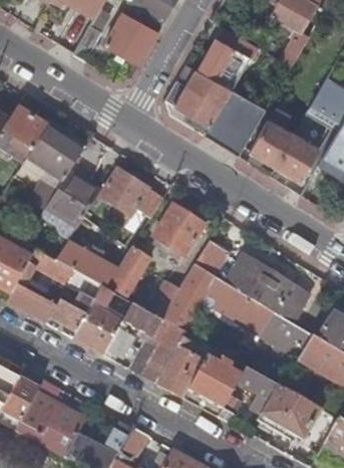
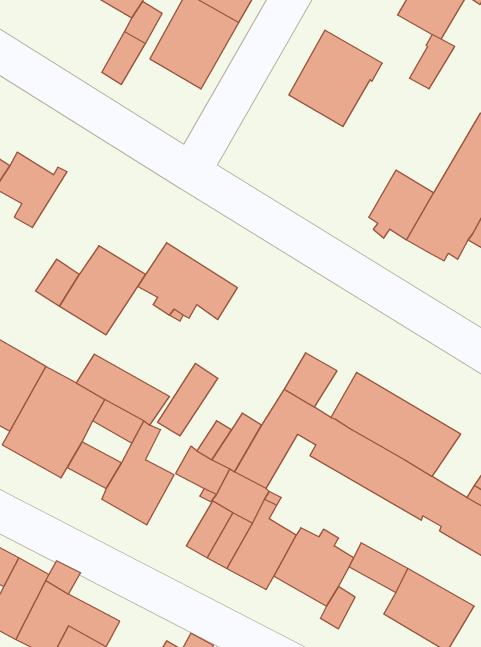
building: [166,62,266,156] -> none
building: [27,123,85,181] -> none
building: [152,204,205,261] -> none

